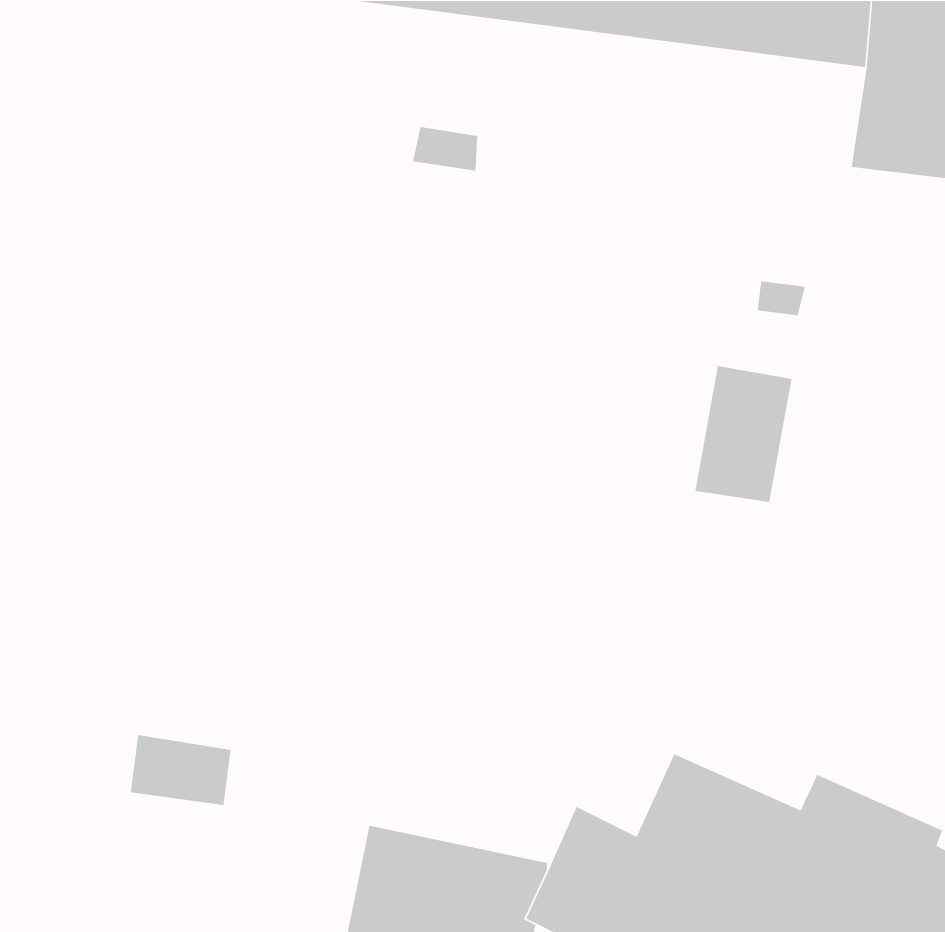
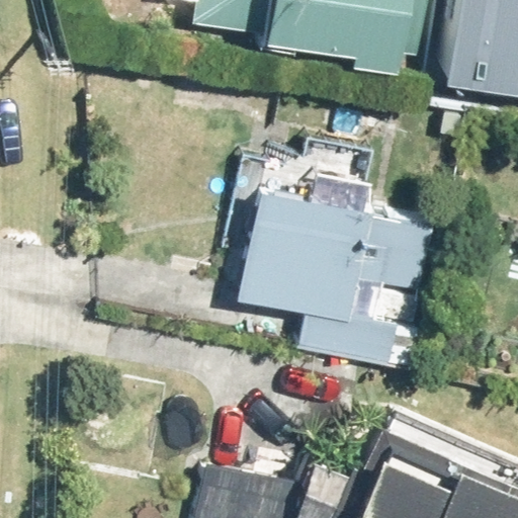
building: none -> [236,176,387,355]

